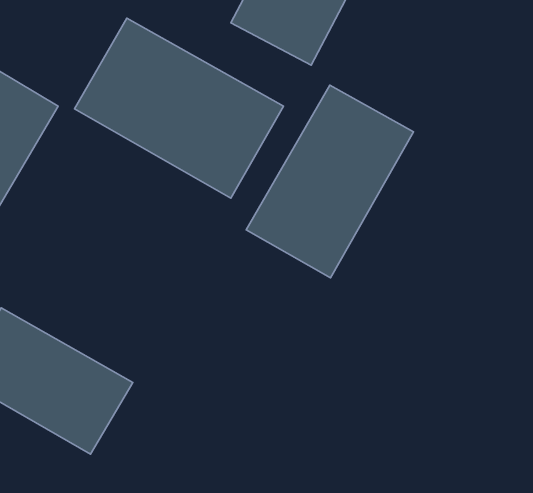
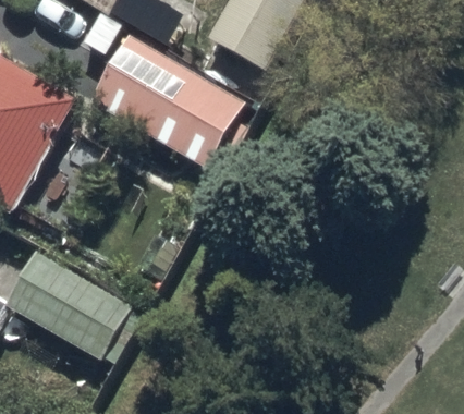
building: [246,85,414,278] -> none

